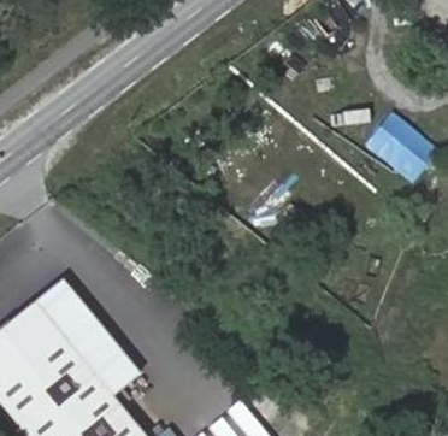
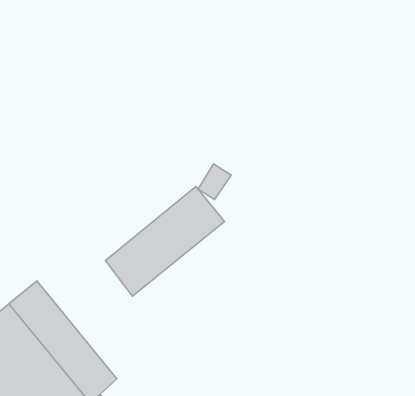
building: none -> [105,186,224,296]

